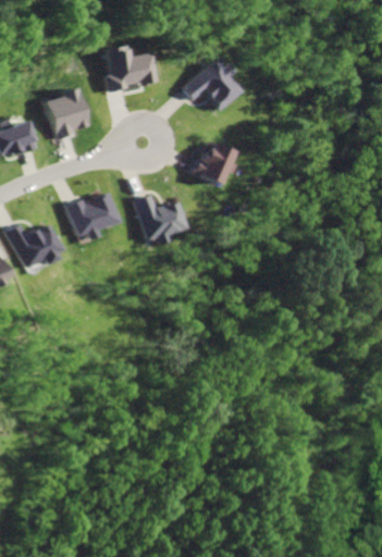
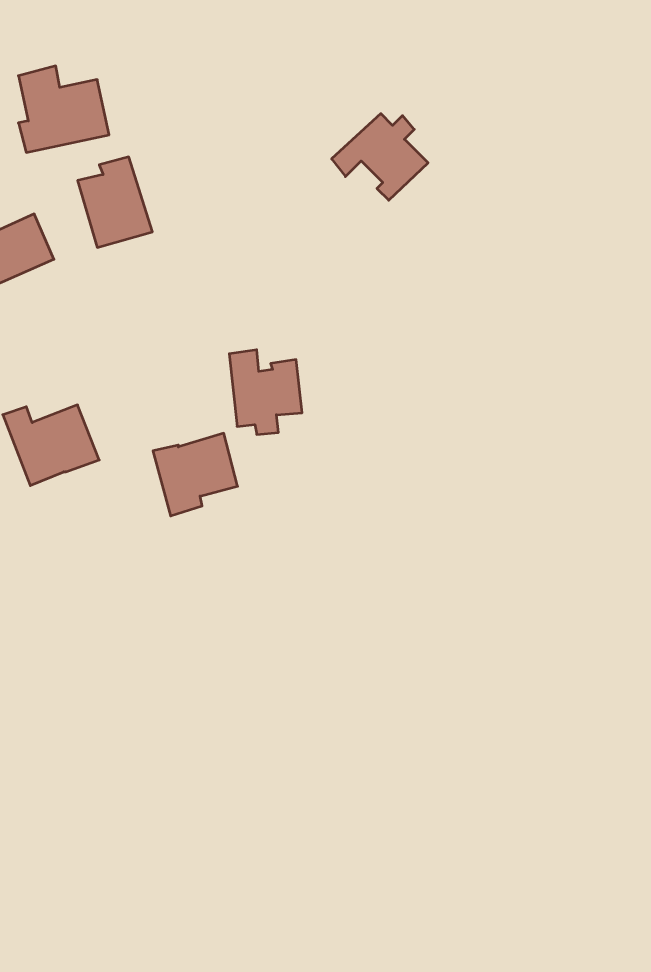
building: [109,44,159,91] -> [18,66,109,152]
building: [197,146,231,185] -> none
building: [67,194,114,239] -> [153,433,238,516]

